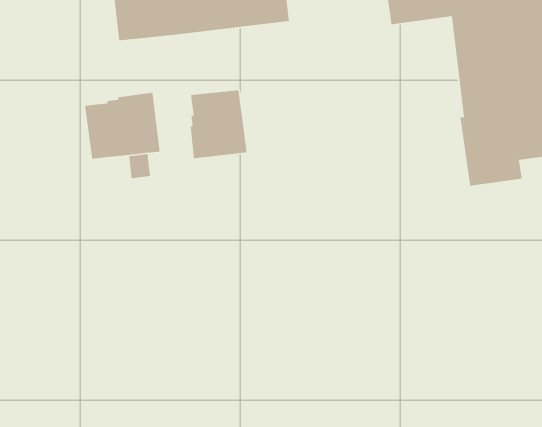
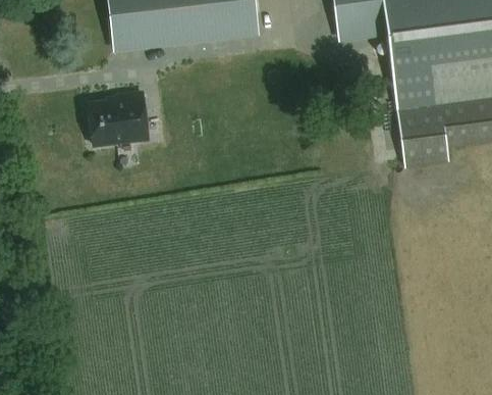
building: [190,90,247,159] -> none

